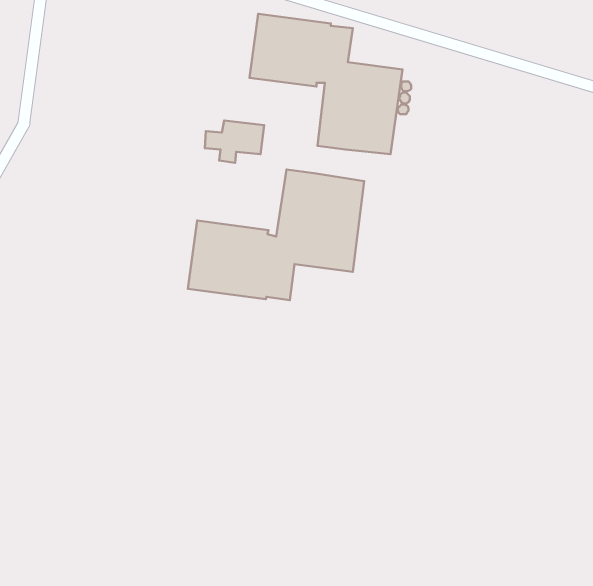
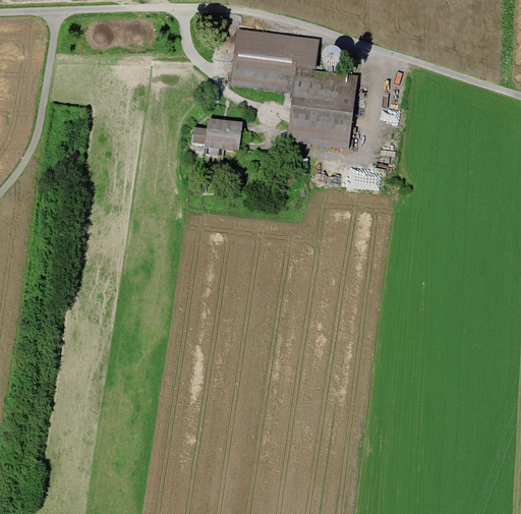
building: [188,170,364,300] -> none

